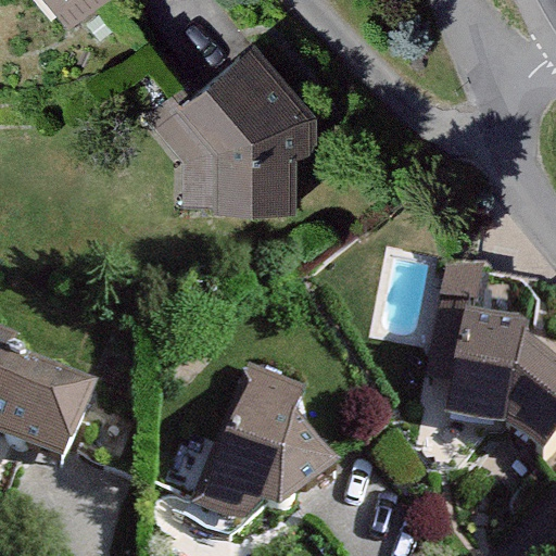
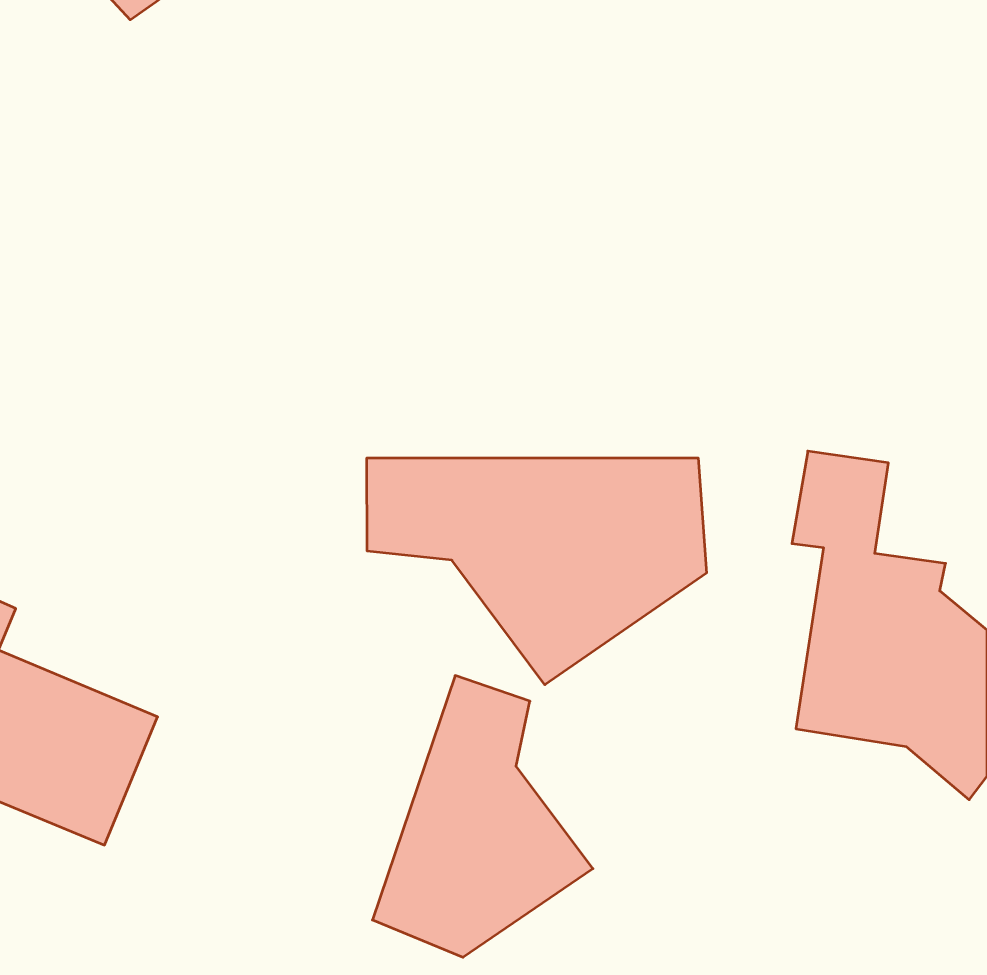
building: [185,59,300,205] -> none
building: none -> [367,458,706,685]

